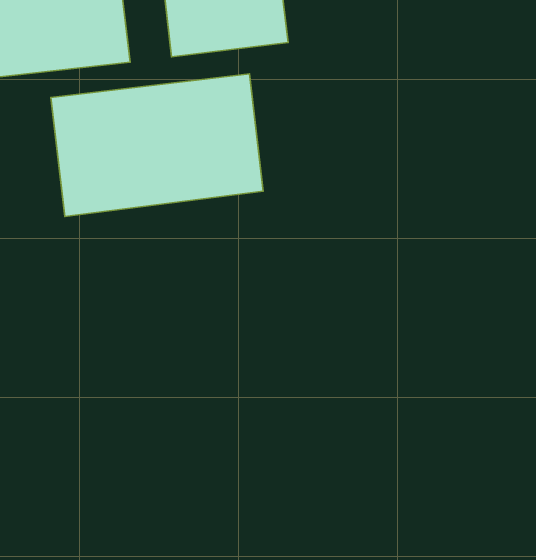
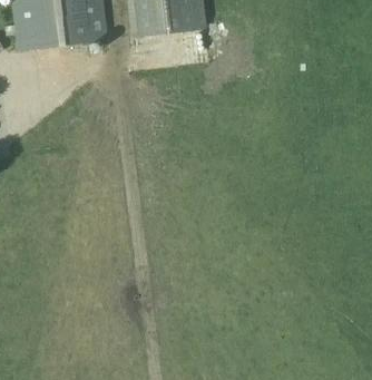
building: [51,74,263,217] -> none

